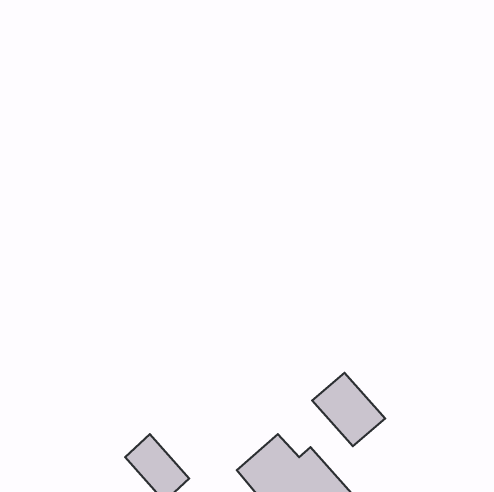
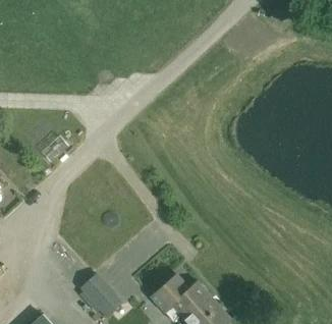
building: [312,373,385,446] -> none

